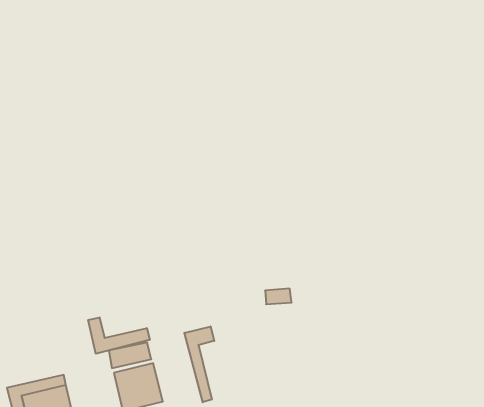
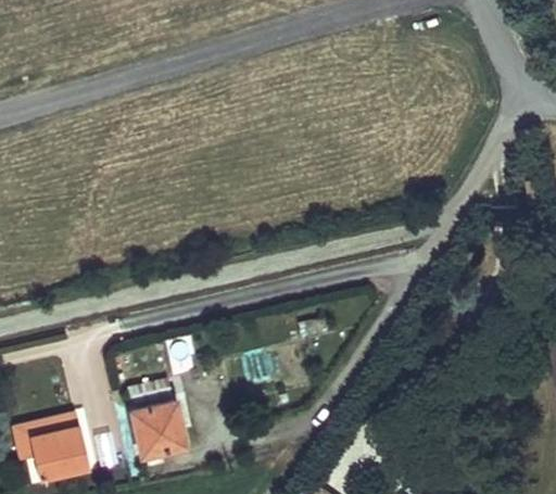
building: [88,317,150,354] -> none
building: [184,326,214,402] -> none

